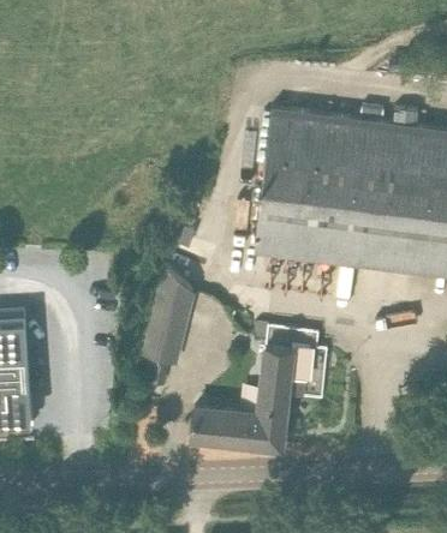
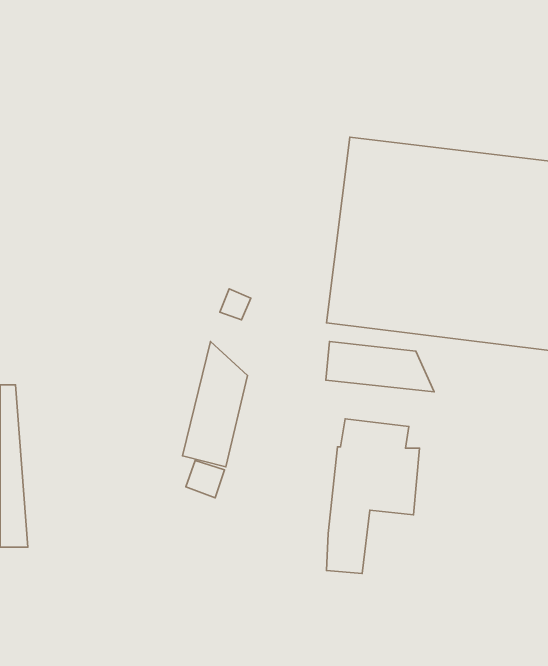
building: none -> [326,341,434,392]
building: [191,411,255,445] -> none

